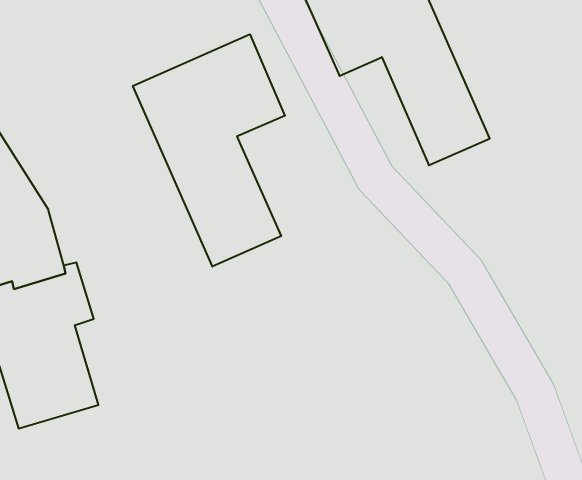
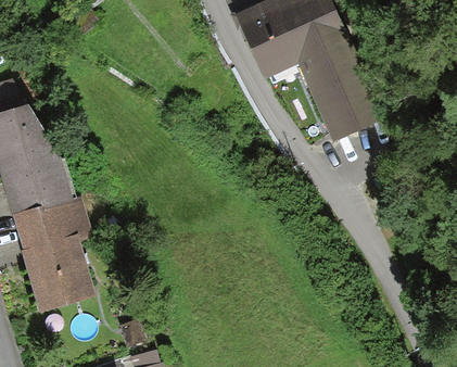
building: [133,34,285,267] -> none

